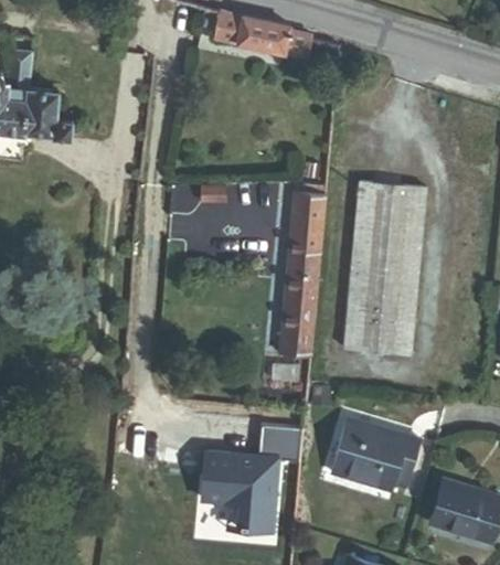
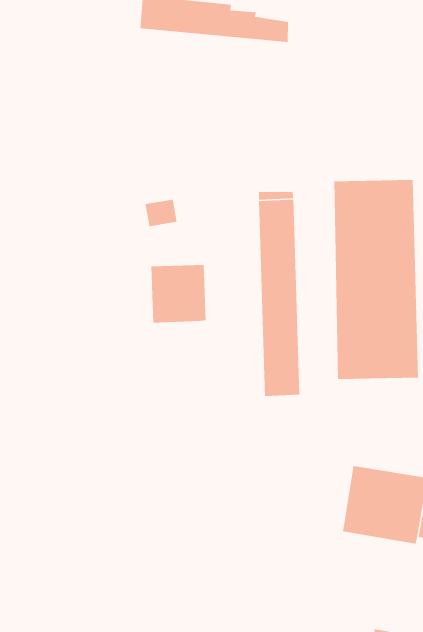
building: none -> [151,264,207,323]
building: [201,425,304,529] -> none

